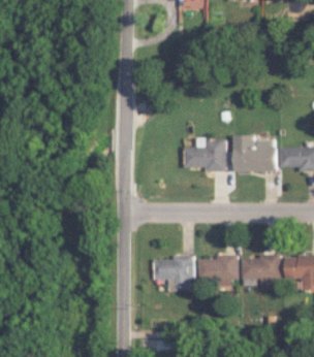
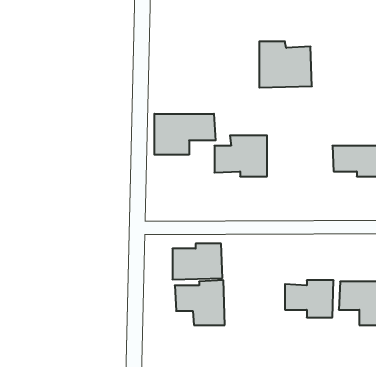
building: none -> [154,114,216,155]
building: [232,135,275,172] -> [259,41,312,88]
building: [196,255,237,284] -> [172,244,222,279]

